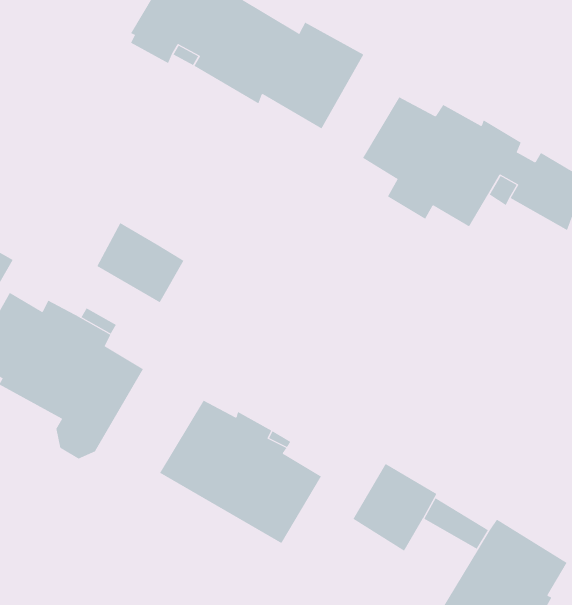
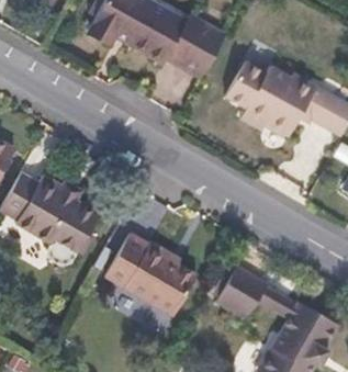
building: [97,222,184,303] -> none

